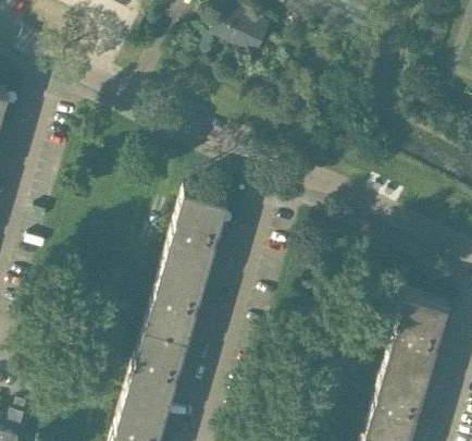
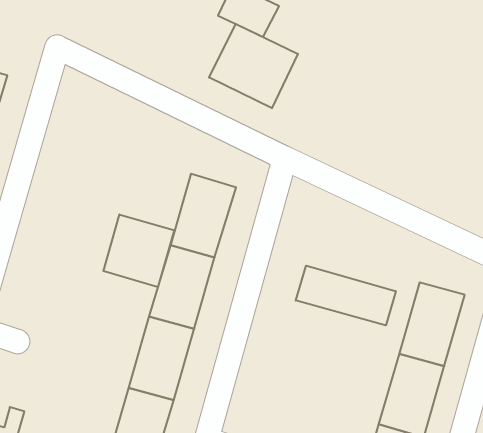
building: none -> [209,24,298,108]
building: none -> [103,214,174,287]
building: none -> [296,266,396,325]

